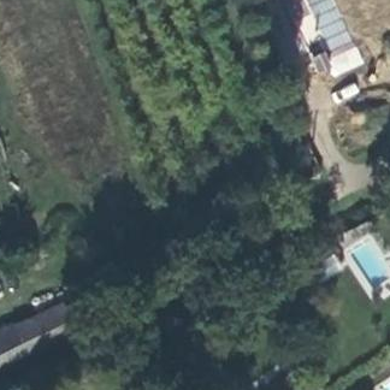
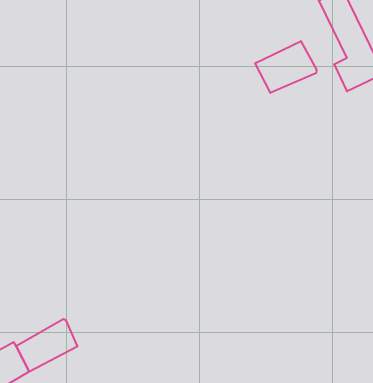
building: none -> [255,41,316,93]

